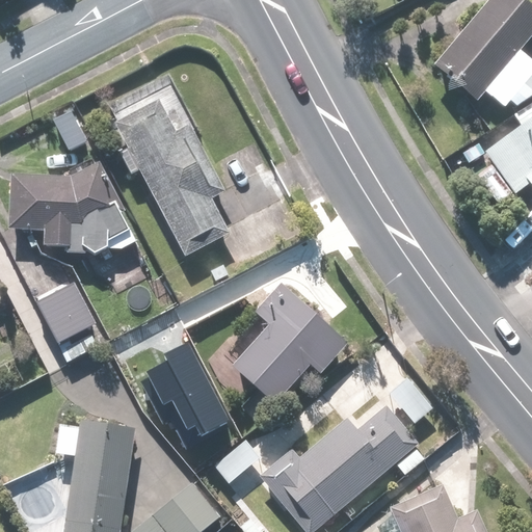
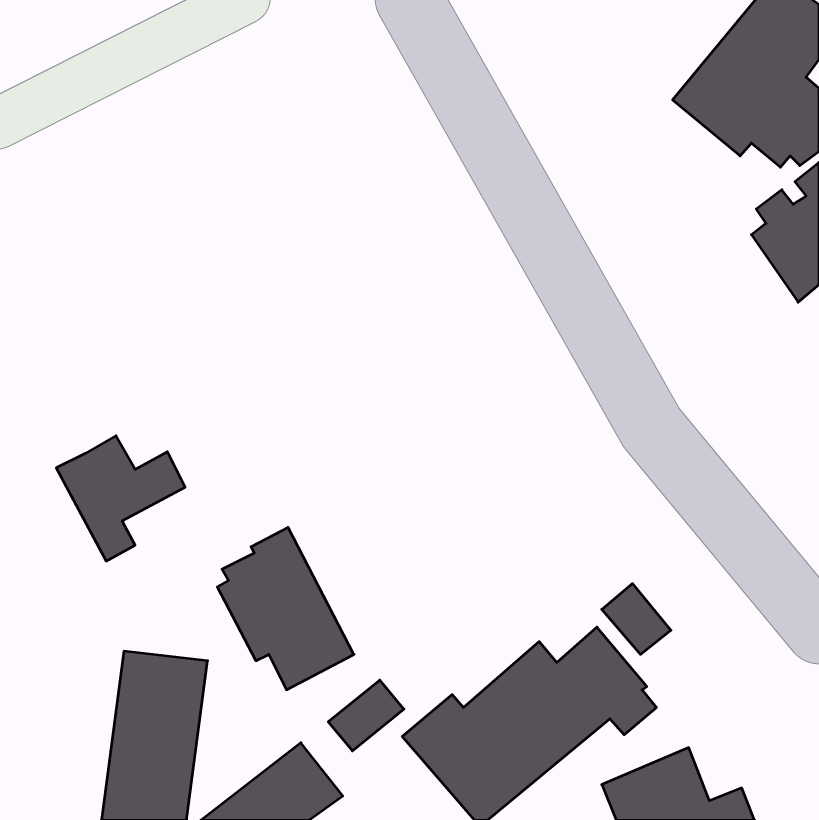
building: [113,99,231,258] -> none
building: [9,160,134,256] -> none
building: [234,283,345,403] -> none

